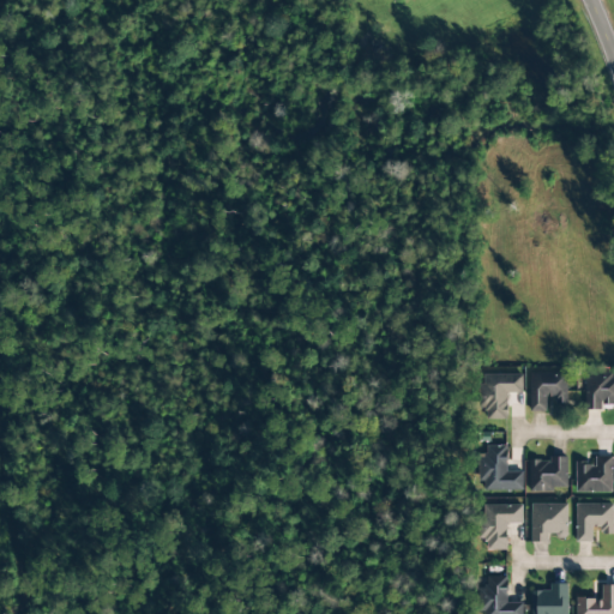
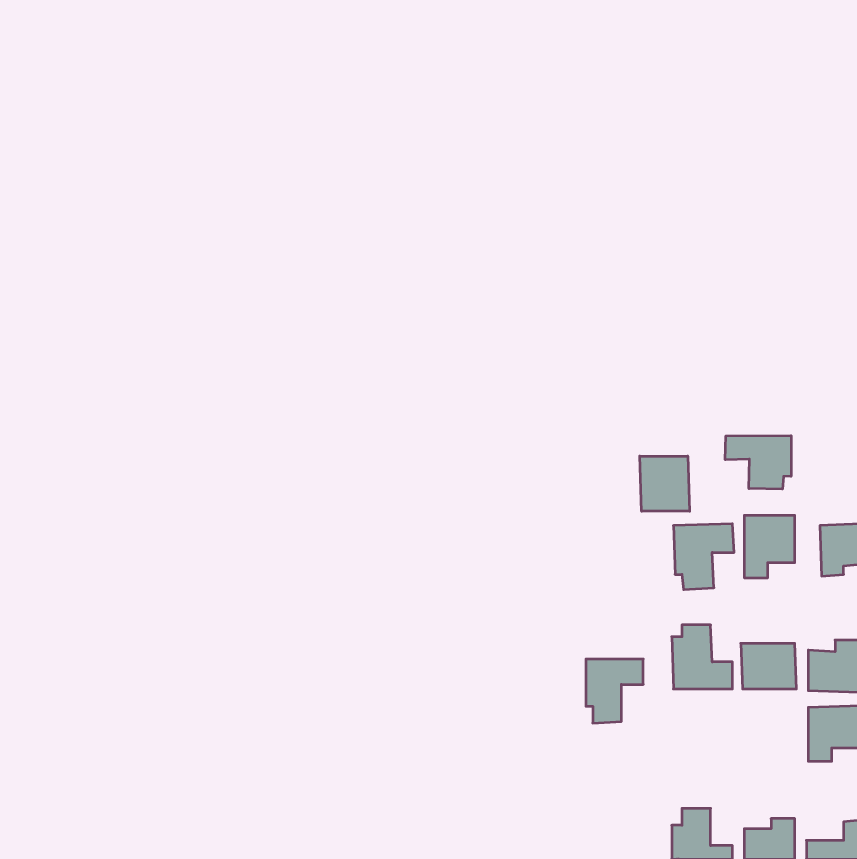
building: none -> [725,436,791,489]
building: none -> [640,456,690,511]
building: [532,502,570,542] -> none
building: [483,505,524,550] -> [586,659,643,723]

